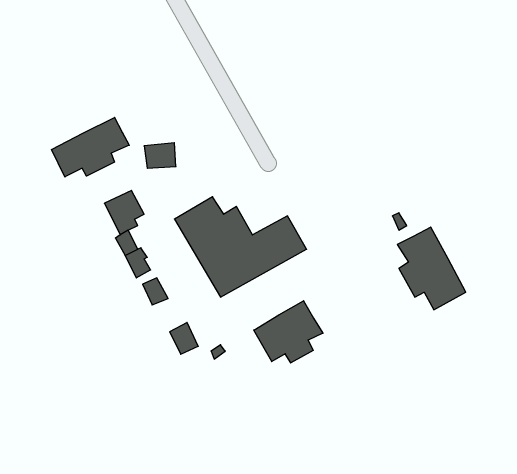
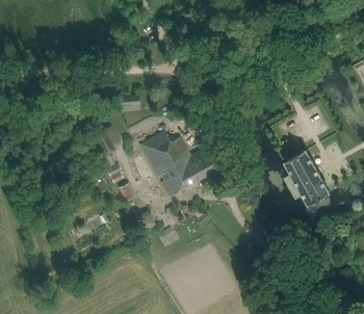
building: [51,117,129,177] -> none
building: [254,301,323,363] -> none

